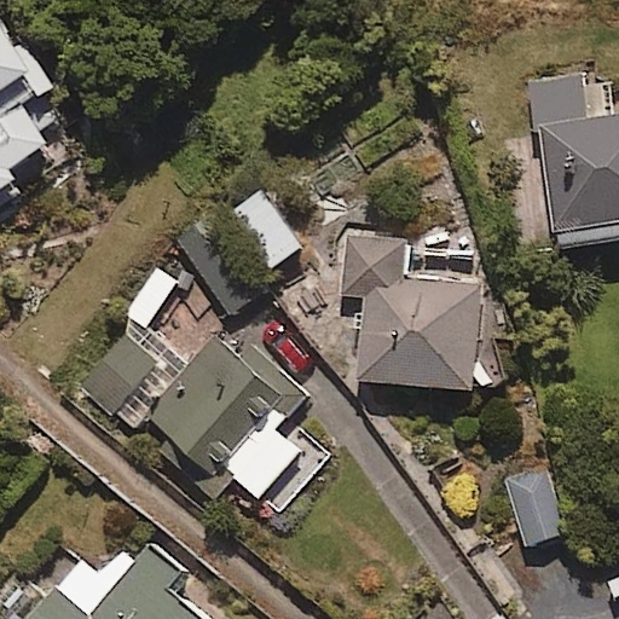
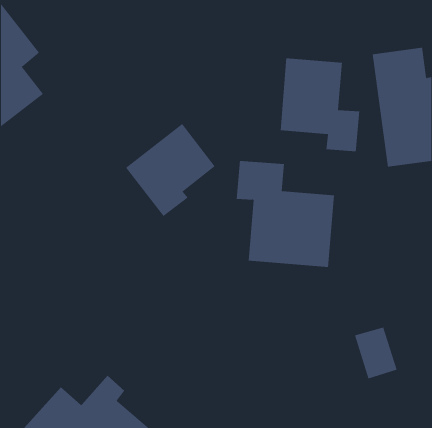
building: none -> [280,58,360,152]
building: [87,314,325,510] -> none

